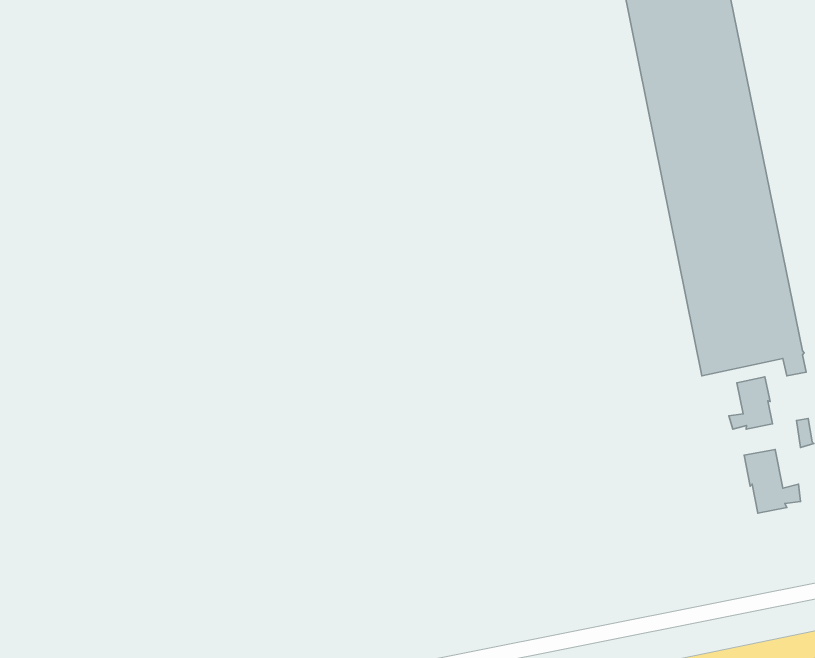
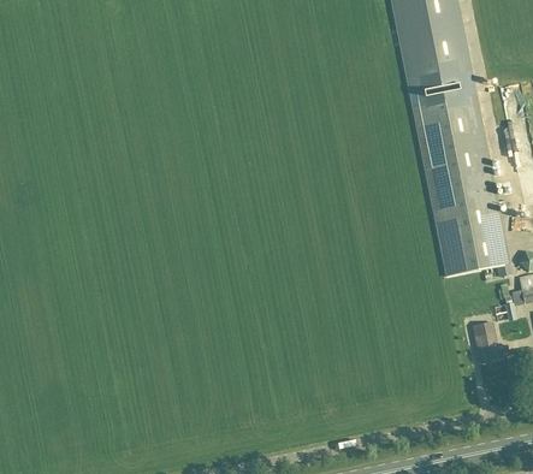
building: [729,377,772,429] -> none

